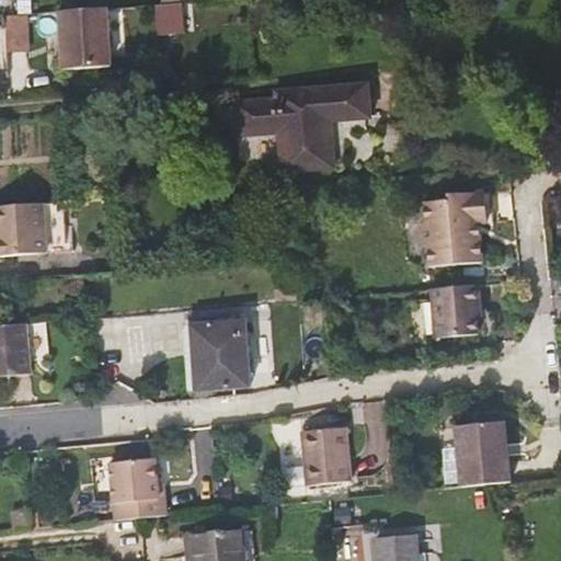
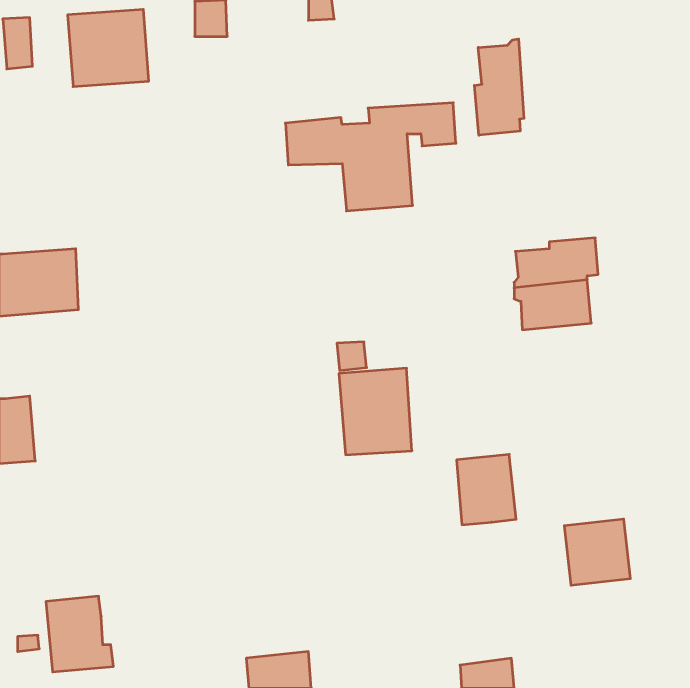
building: none -> [474,39,524,135]
building: [428,284,479,337] -> none
building: [190,319,249,389] -> [339,368,412,455]
building: [304,443,352,500] -> [457,454,516,525]
building: [110,457,164,518] -> [46,596,113,672]

